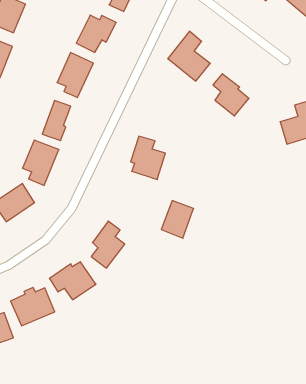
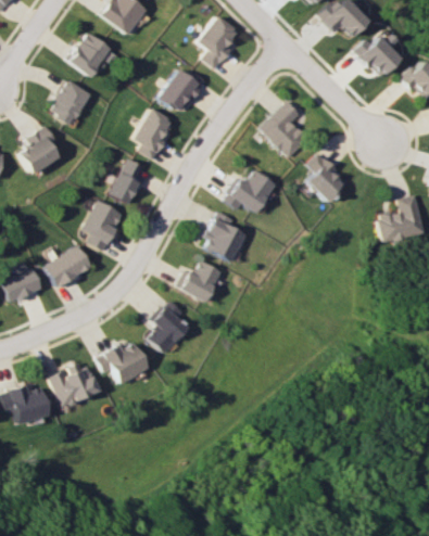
building: none -> [227,170,277,213]
building: [161,201,194,238] -> [182,259,222,303]

